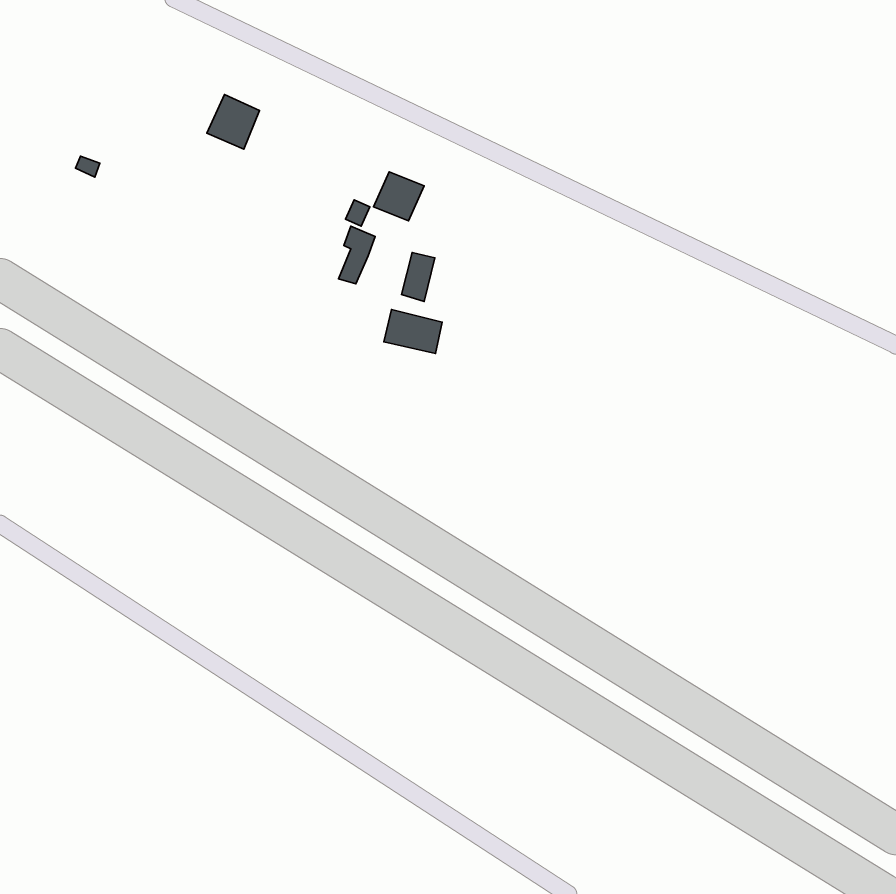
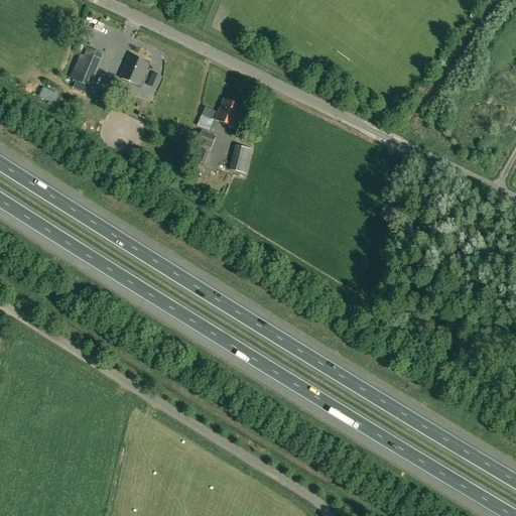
building: none -> [79,48,103,78]
building: [384,310,442,353] -> none

